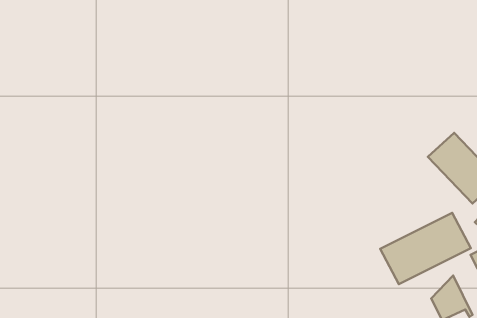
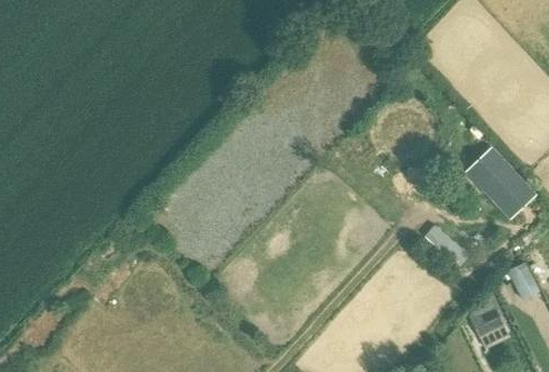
building: [380,213,471,284] -> none

